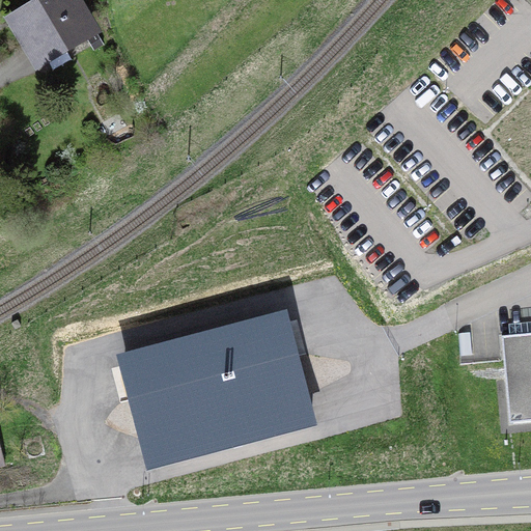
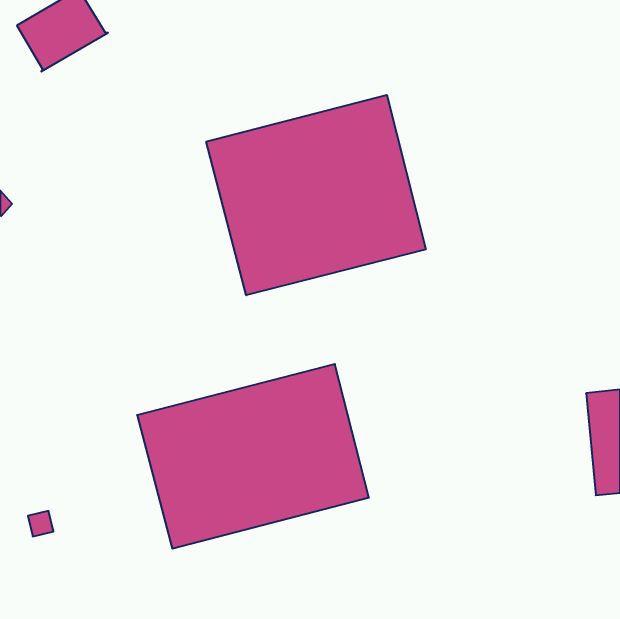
building: none -> [206,95,426,295]

